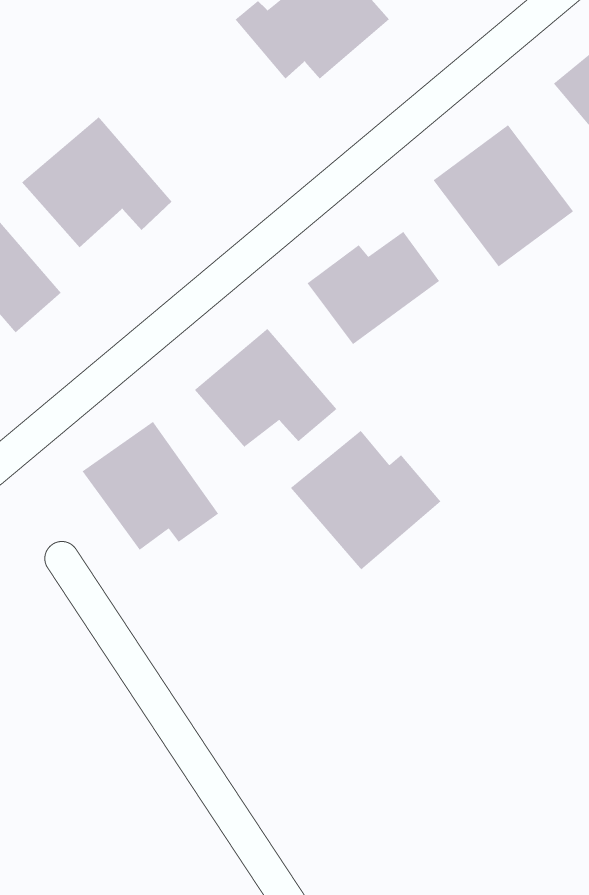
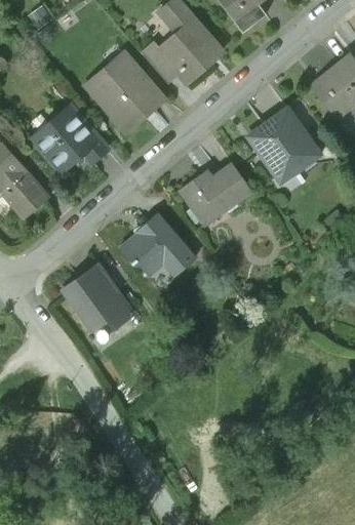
building: none -> [83,51,164,132]
building: [290,430,442,570] -> none

